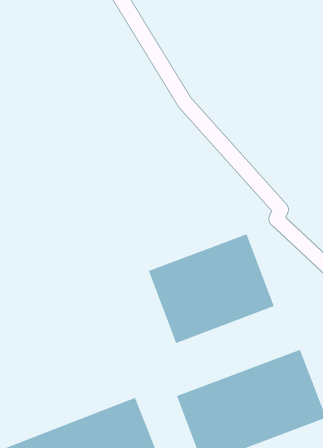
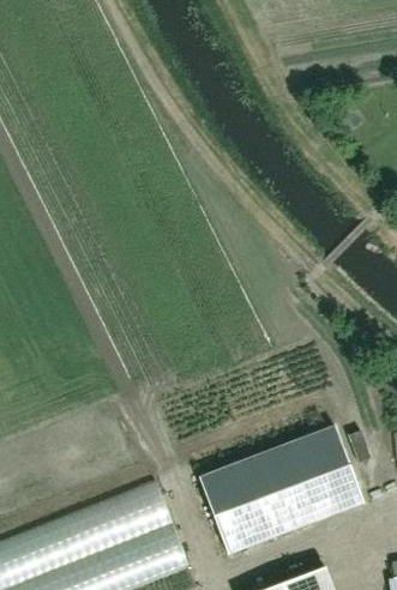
building: [148,233,274,344] -> none

